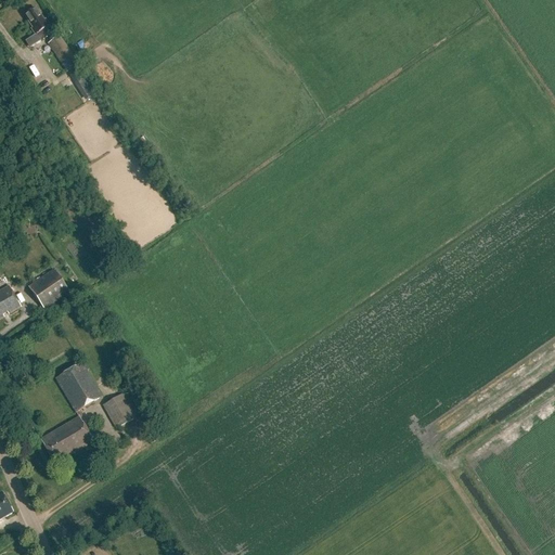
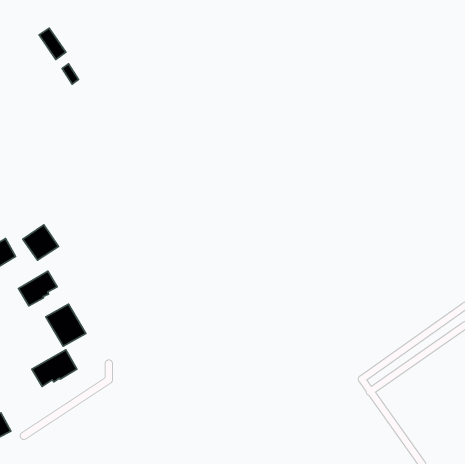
building: [22,5,50,38] -> none
building: none -> [19,271,57,306]
building: [101,391,133,425] -> none

